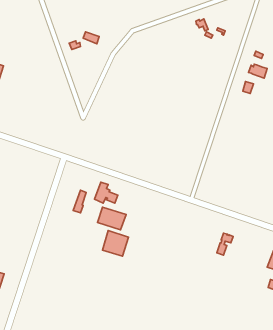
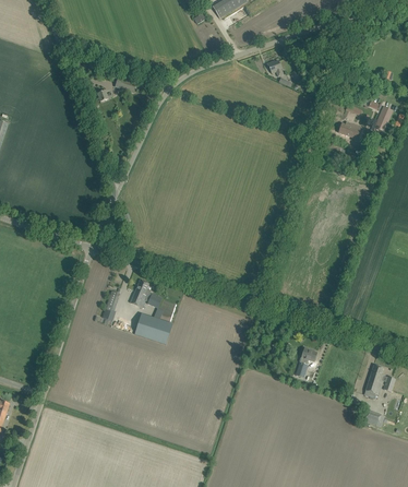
building: [103,230,129,256] -> none

